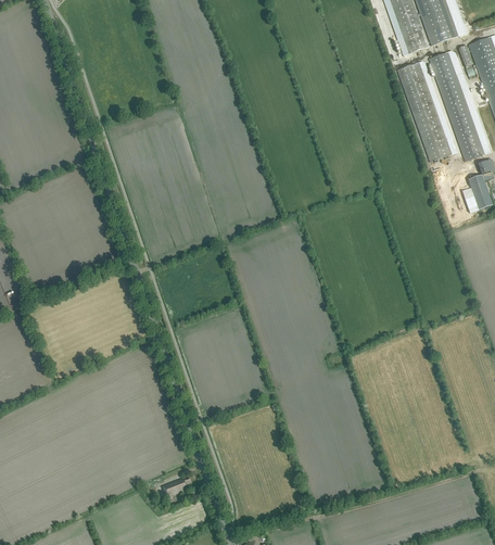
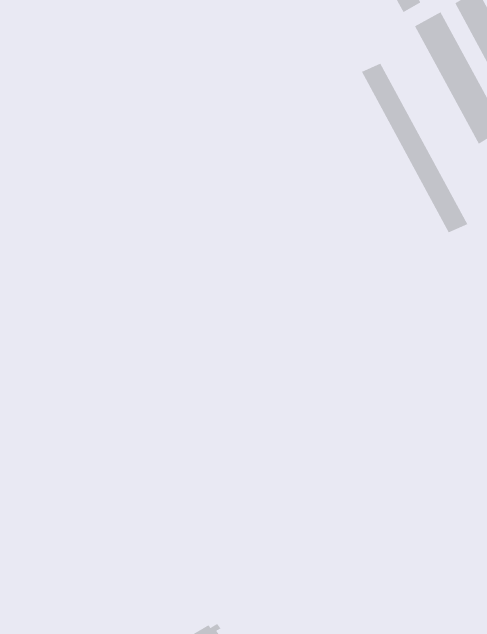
building: none -> [361,63,468,233]

